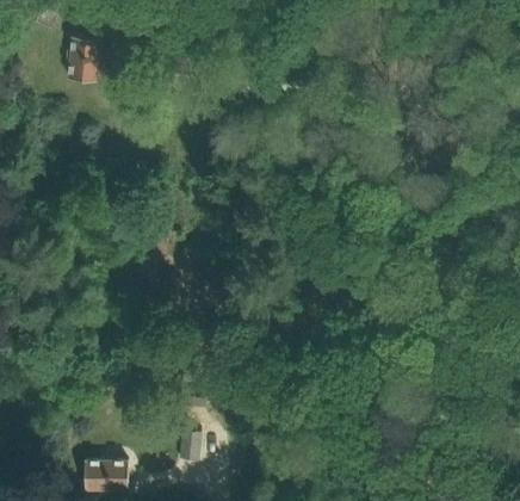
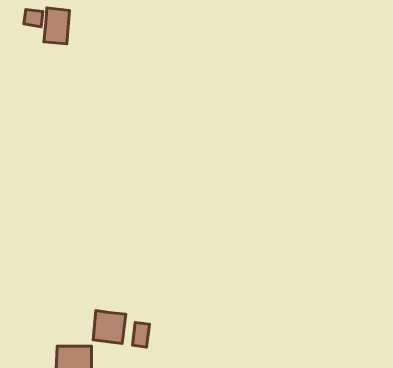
building: none -> [93,311,126,343]

